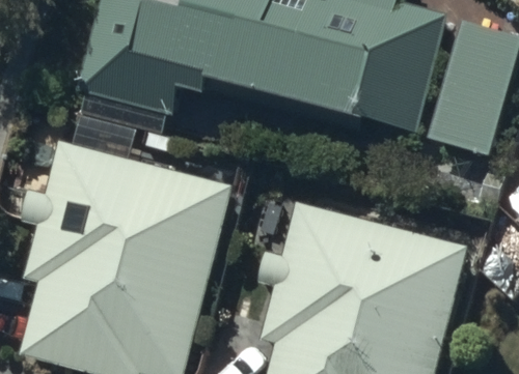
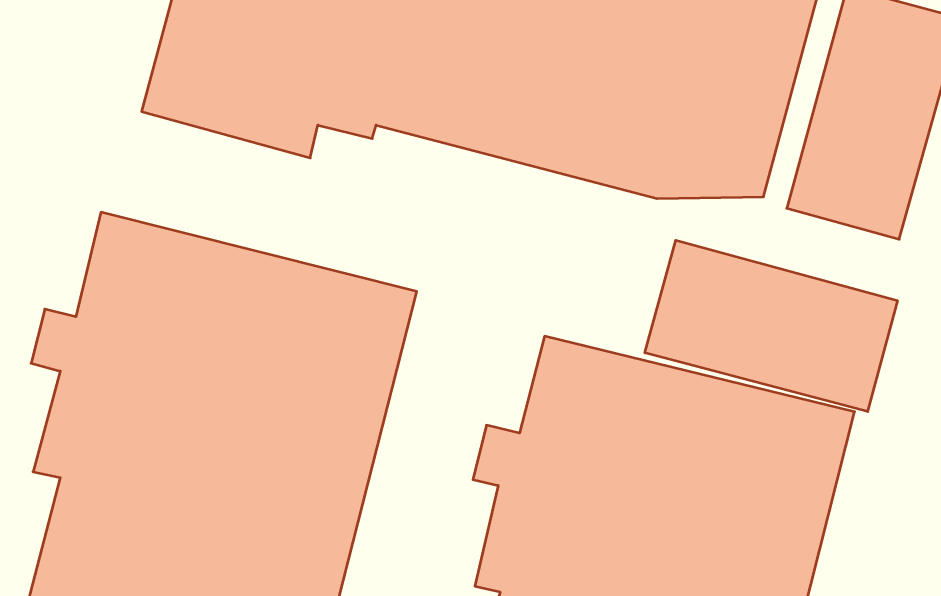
building: none -> [645,240,897,412]

